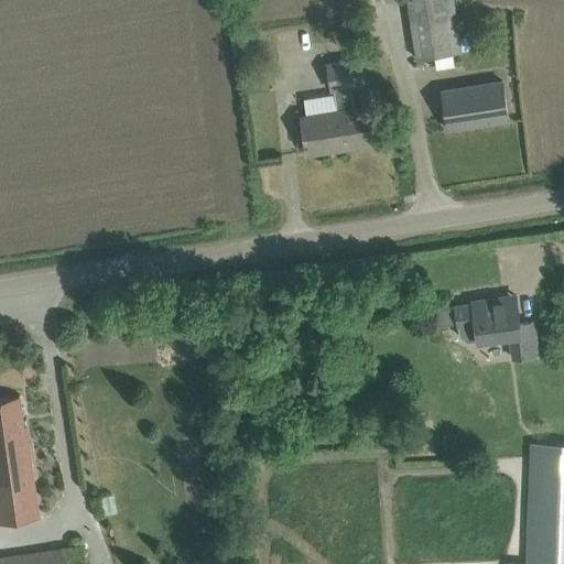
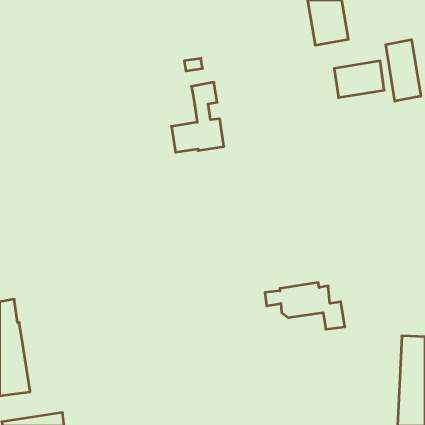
building: none -> [386,40,421,101]
building: [302,59,371,152] -> [171,82,224,152]
building: [433,297,539,359] -> [265,283,345,329]

